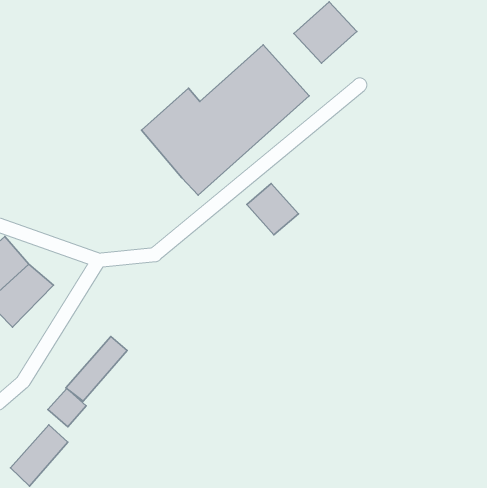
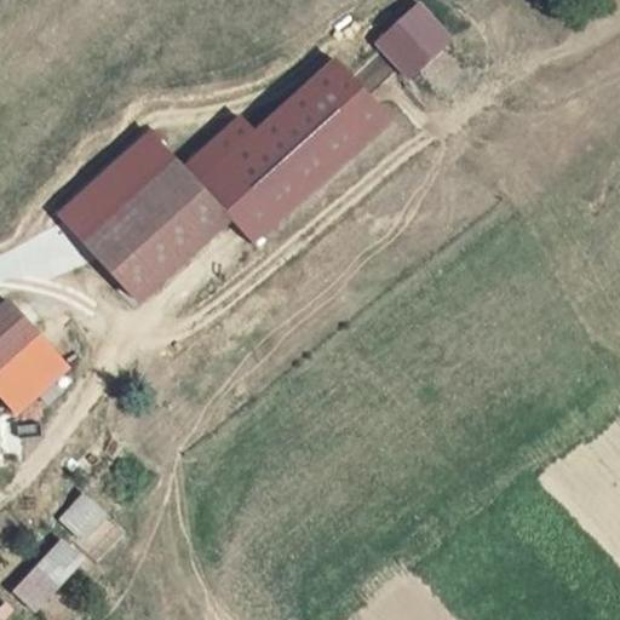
building: none -> [58,128,230,303]
building: [247,184,298,235] -> none
building: [66,337,127,401] -> none

